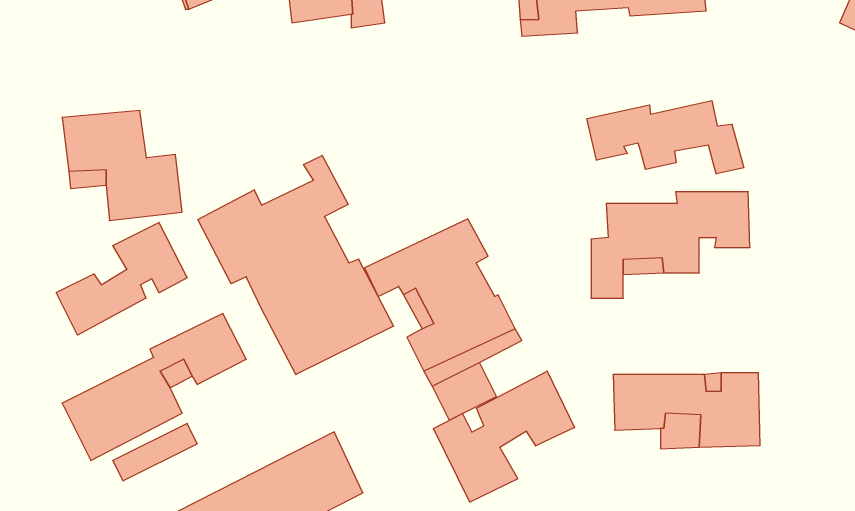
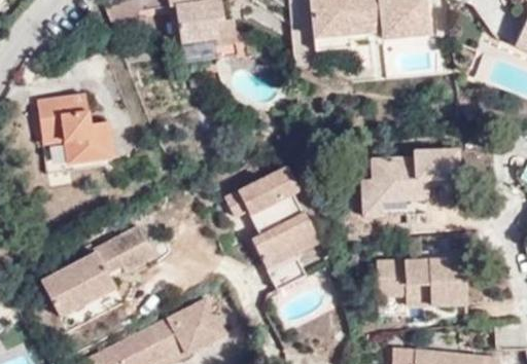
building: [587,101,744,174] -> none
building: [198,155,394,375] -> none
building: [56,222,187,335] -> none
building: [434,371,575,502] -> none

